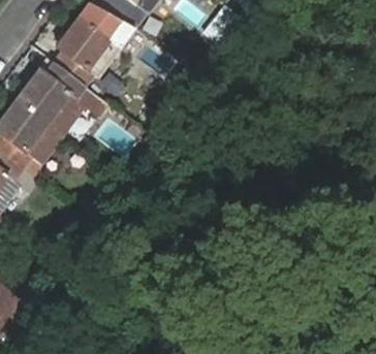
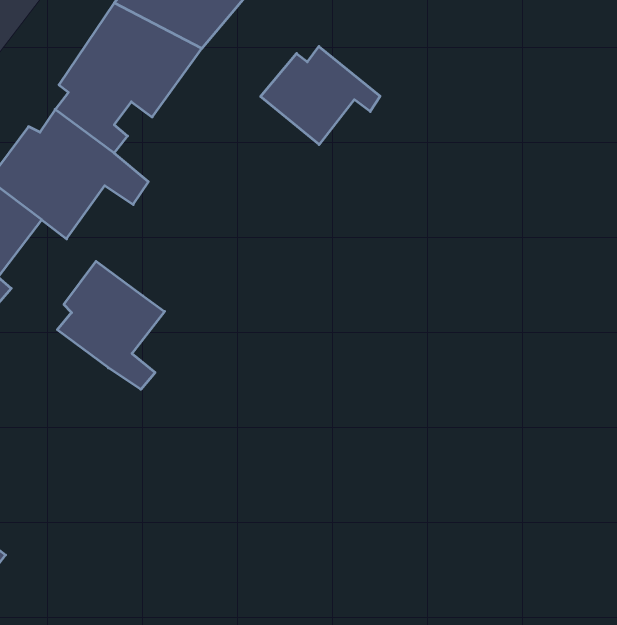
building: none -> [261,46,380,145]
building: none -> [57,261,165,389]

